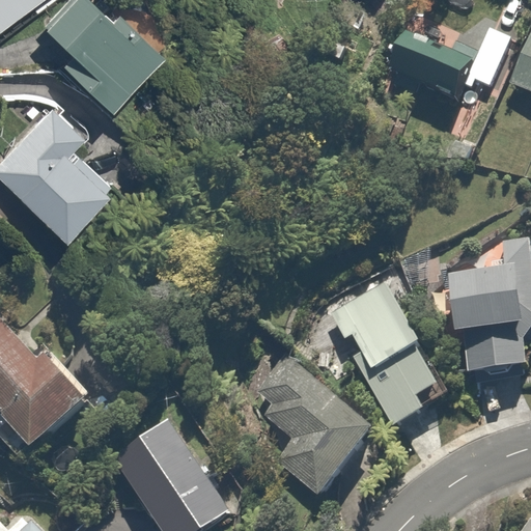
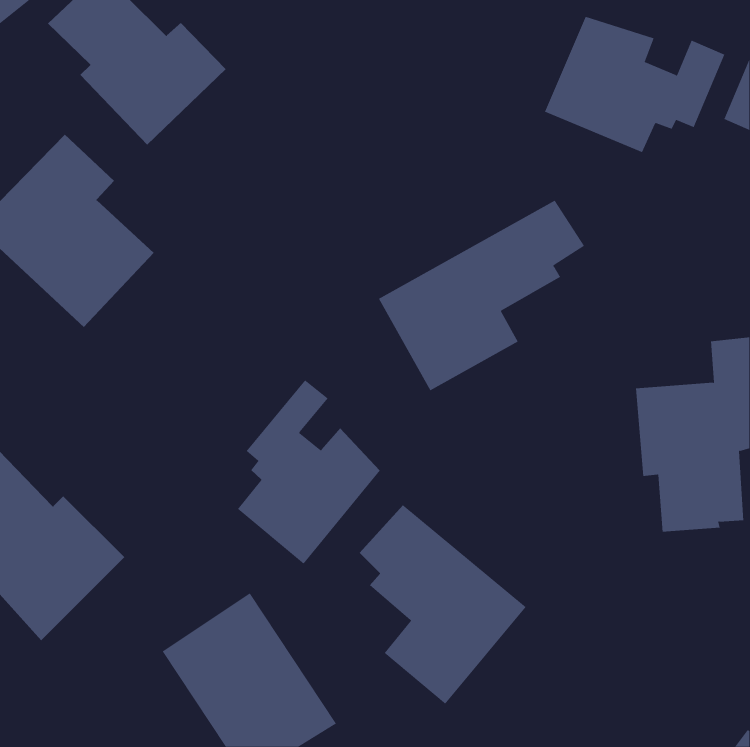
building: none -> [378,200,585,391]
building: none -> [237,380,381,564]
building: [331,281,447,429] -> none

